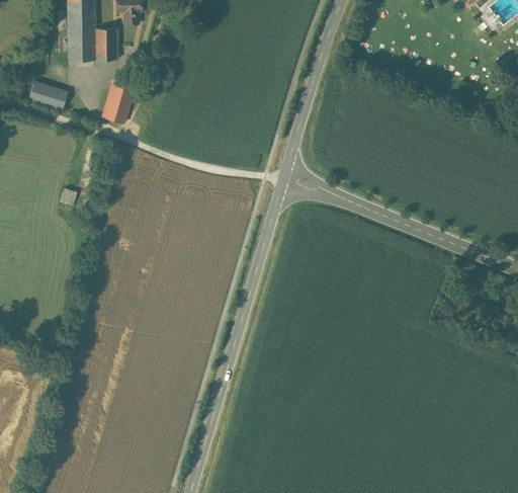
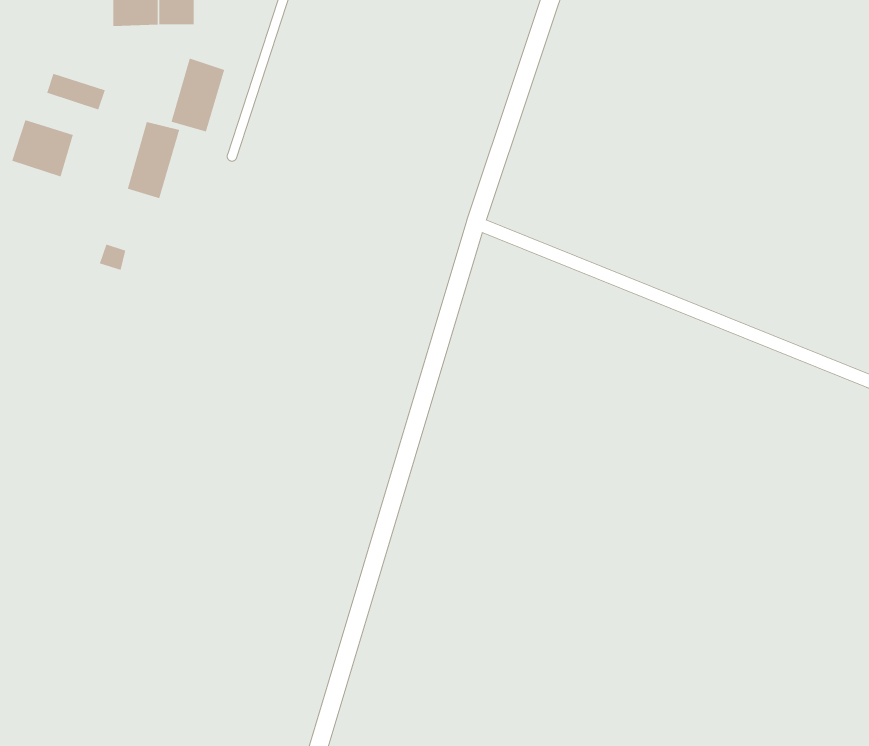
building: none -> [11,119,74,177]
building: none -> [127,121,180,199]

